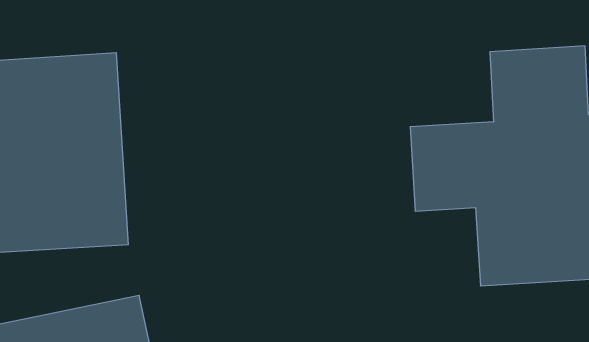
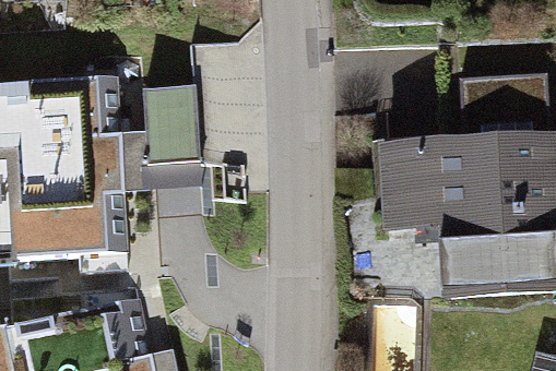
building: none -> [144,88,201,169]

